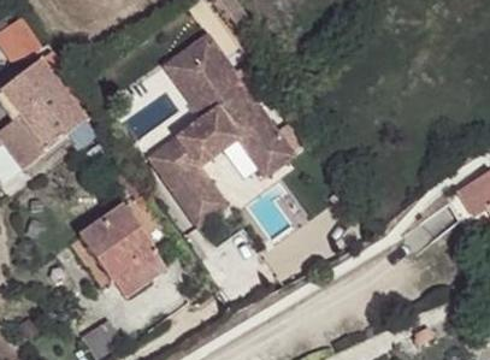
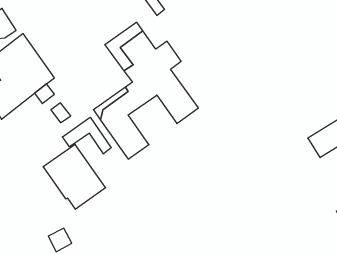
building: none -> [62,117,111,154]

